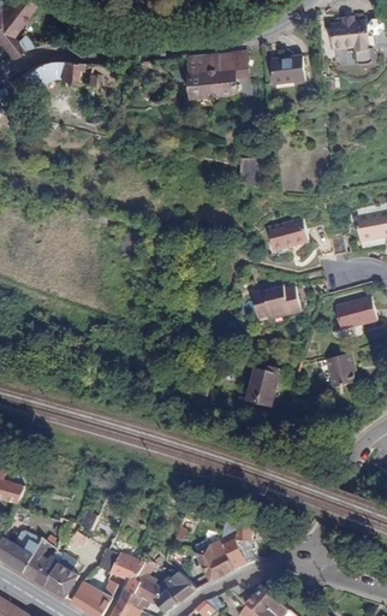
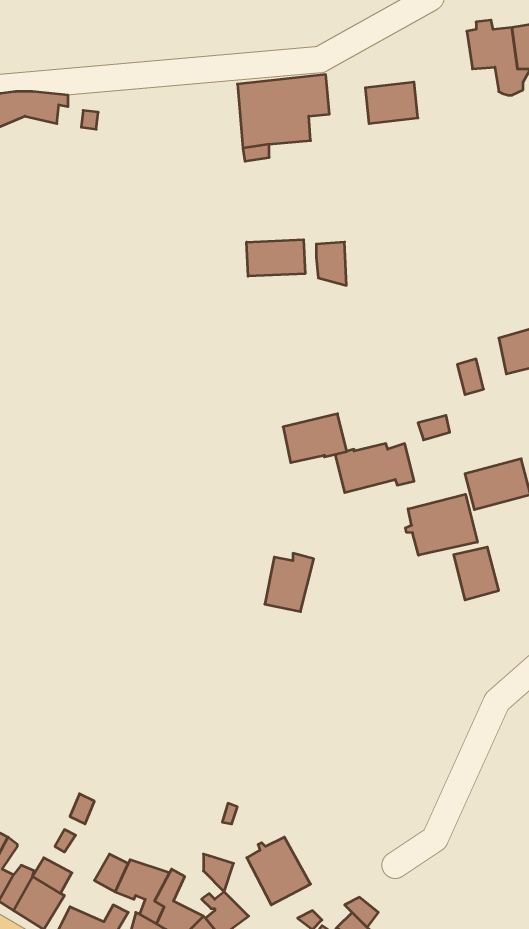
building: none -> [247,240,305,276]
building: [267,217,308,248] -> [283,414,347,463]
building: none -> [405,494,477,555]
building: [248,367,279,404] -> [265,553,314,612]
building: [218,521,256,568] -> none

